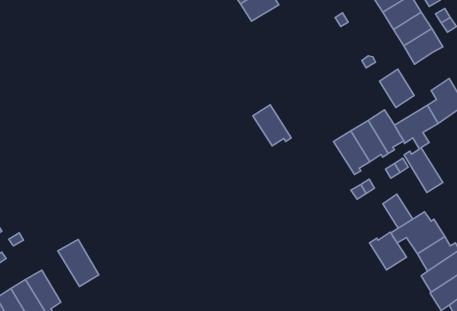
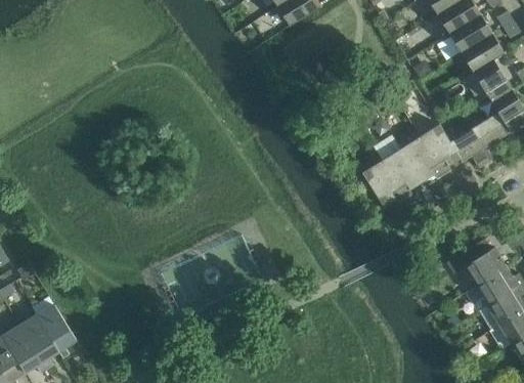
building: [379,69,414,108] -> [473,59,512,102]
building: [253,105,291,146] -> [362,160,405,206]
building: [404,148,443,192] -> none
building: [383,194,413,228] -> none
building: [370,232,406,270] -> none
building: [58,240,99,287] -> none

